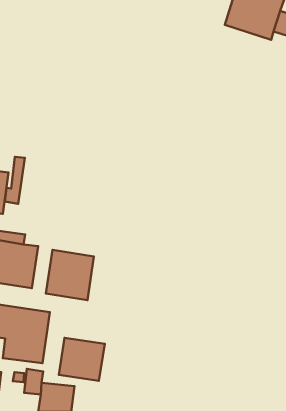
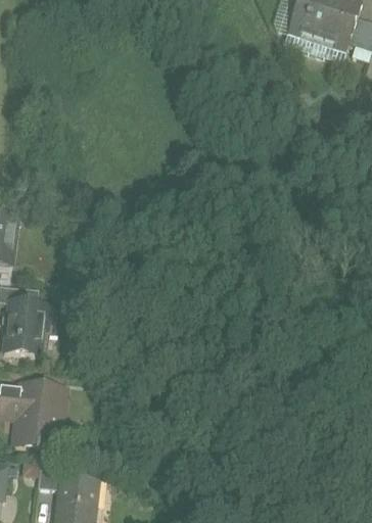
building: [5,157,25,204] -> none
building: [46,250,94,300] -> none
building: [59,338,105,381] -> none

